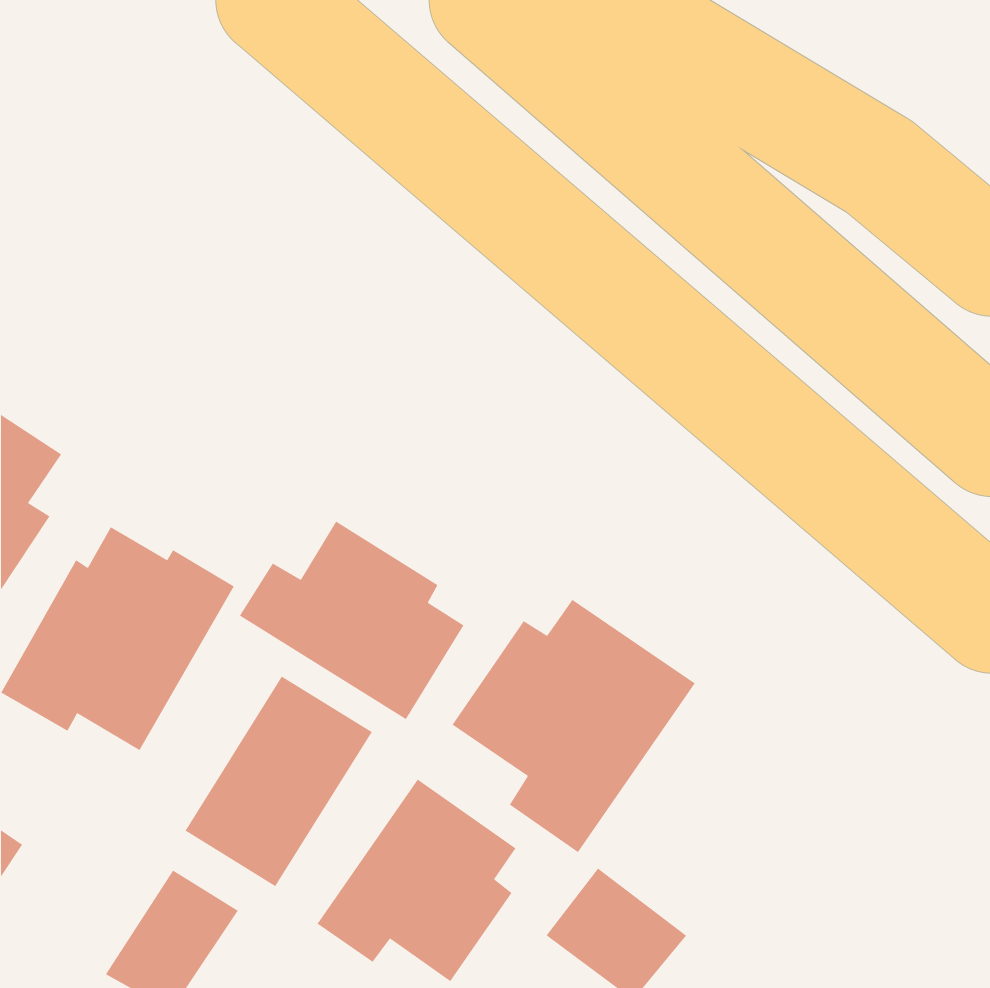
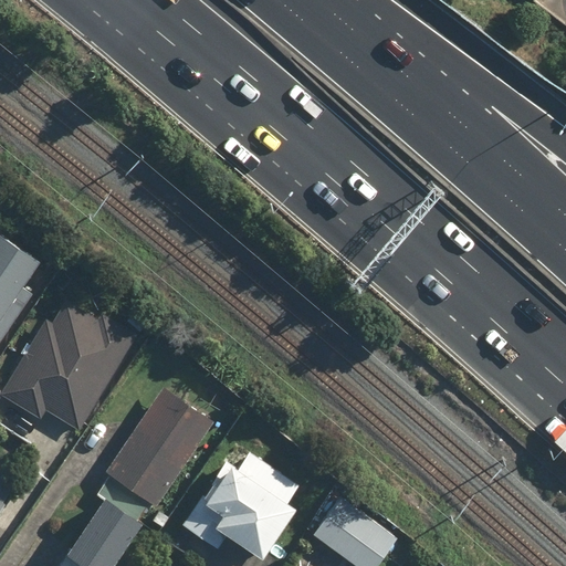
building: [239,521,464,720] -> none
building: [451,599,696,853] -> none

